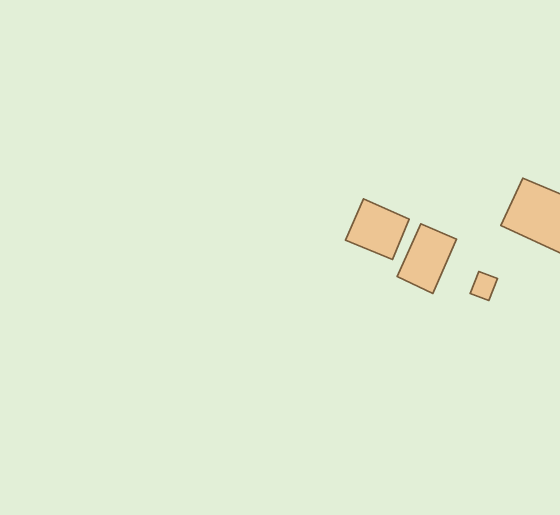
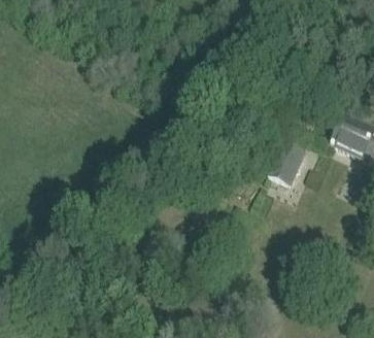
building: [345,199,409,260] -> none

